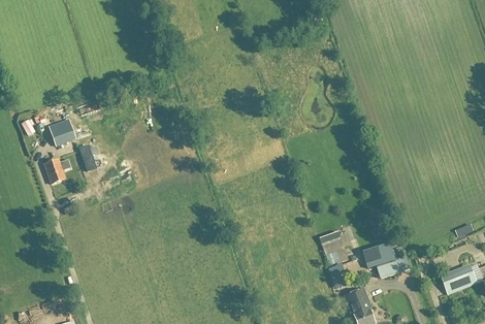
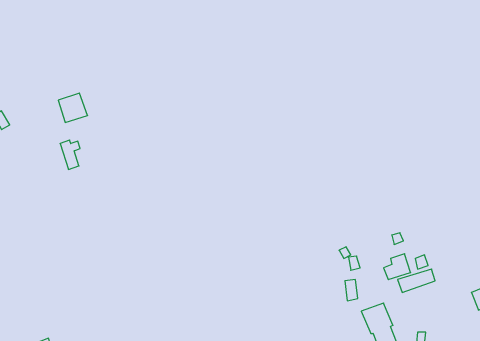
building: [50,119,75,144] -> [58,93,88,122]
building: [43,157,70,183] -> none

